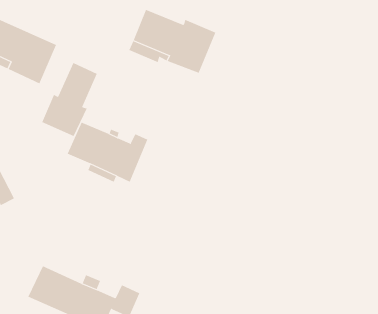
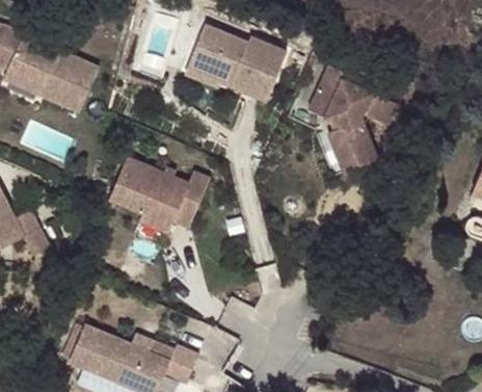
building: none -> [305,77,394,172]
building: [41,62,98,137] -> none

